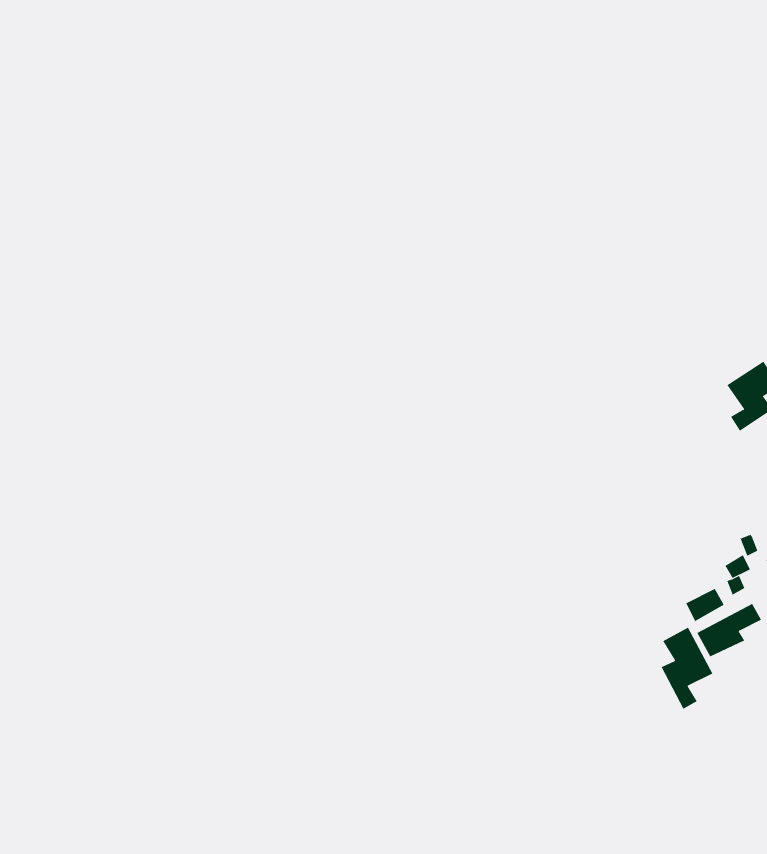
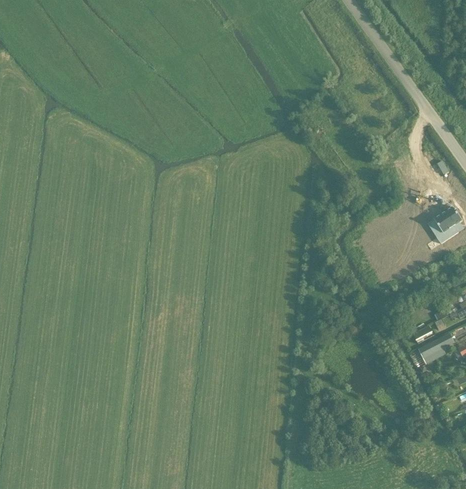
building: [661,627,713,710] -> none

